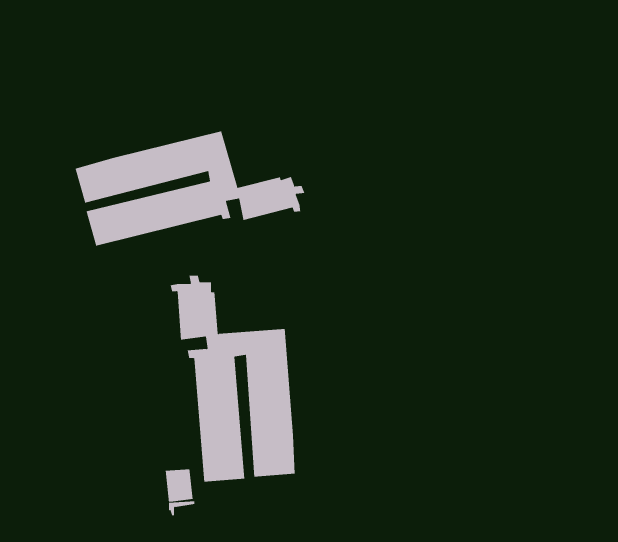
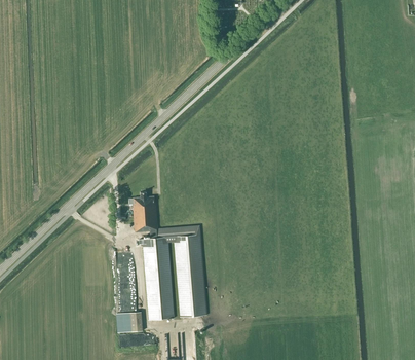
building: [75,130,305,246] -> none

